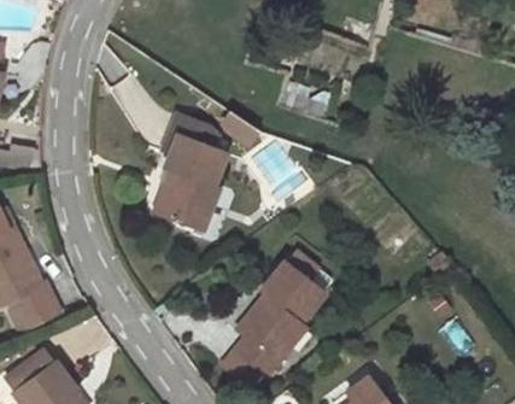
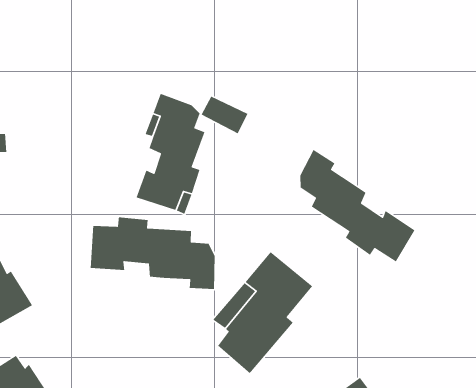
building: none -> [299,149,416,262]
building: none -> [90,216,215,290]

